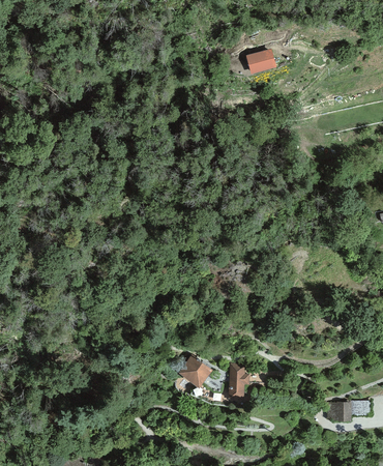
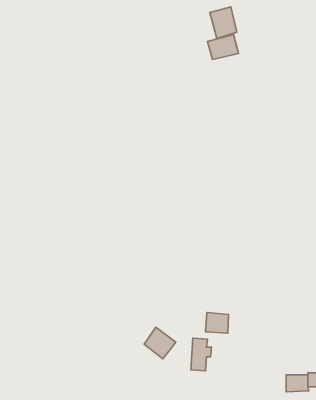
building: none -> [210,7,237,38]
building: none -> [206,312,228,333]

